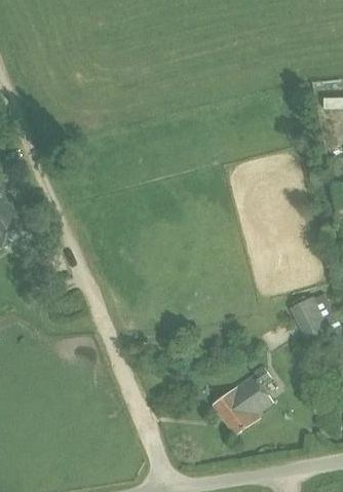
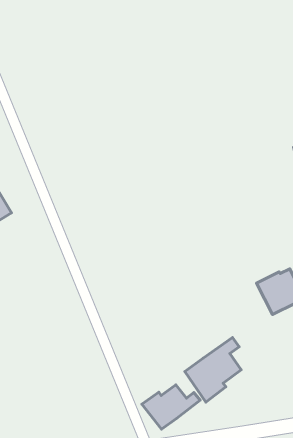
building: none -> [142,385,200,429]

